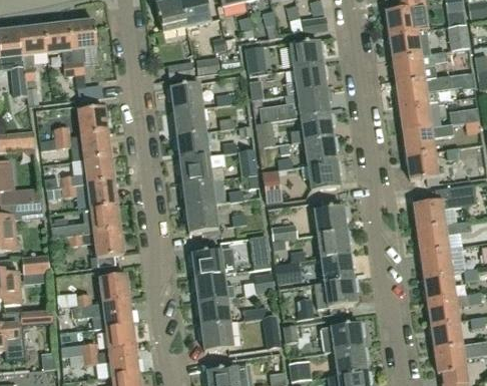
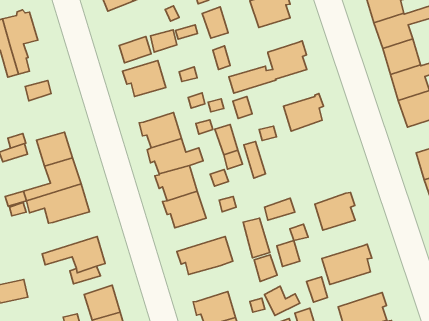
building: [287,63,329,94] -> none
building: [77,106,106,134] -> none
building: [169,107,205,134] -> none
building: [301,111,335,141] -> none
building: [307,158,342,188] -> none
building: [314,205,348,233] -> none
building: [51,206,119,238] -> none
building: [320,252,355,281] -> none
building: [191,273,226,301] -> none

